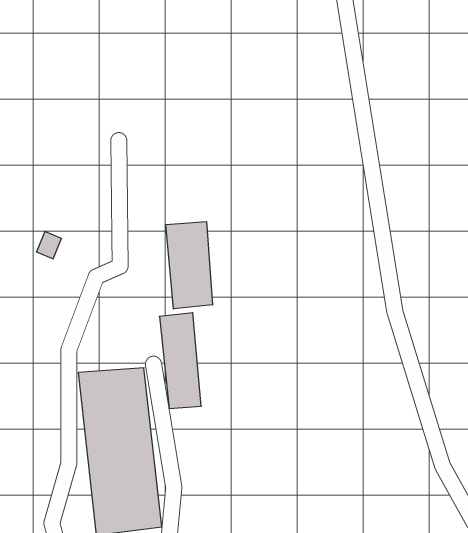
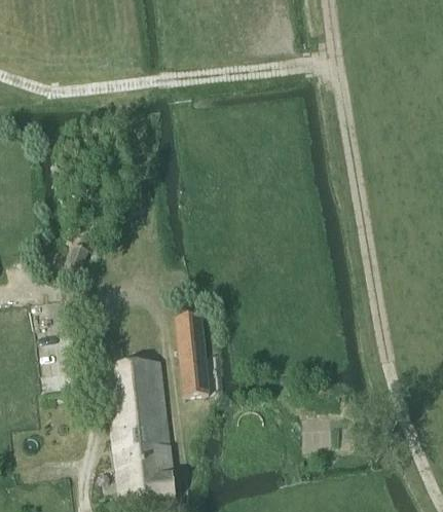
building: [166,222,212,309] -> none

